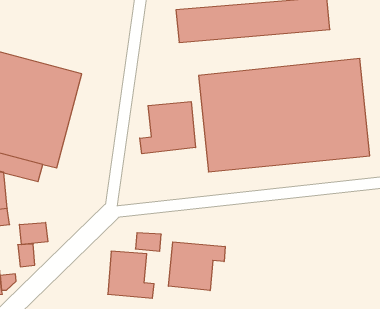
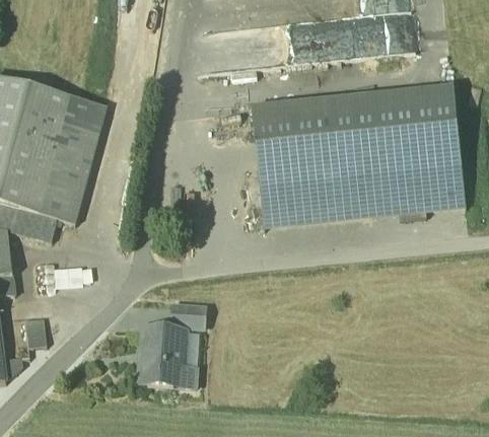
building: [140,102,196,154] -> none
building: [19,222,48,245] -> none
building: [168,242,225,291] -> none

